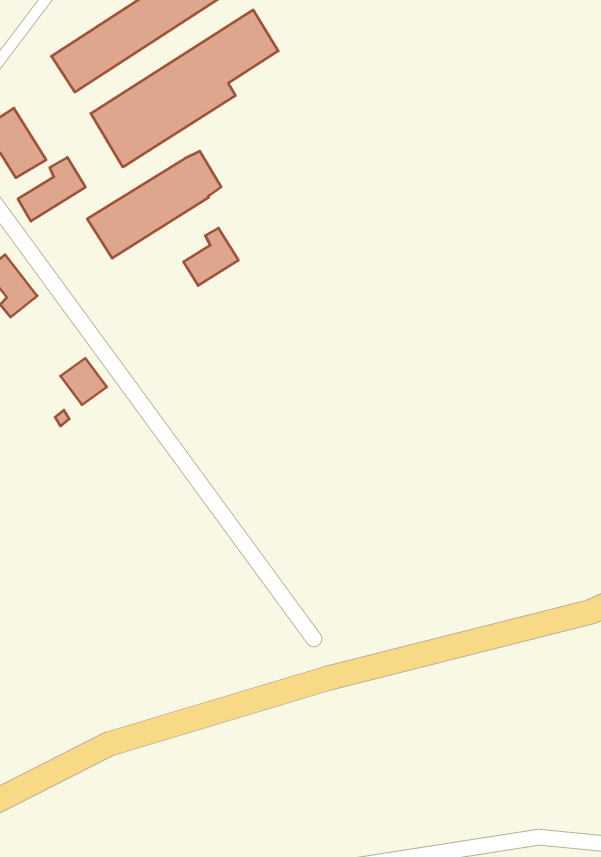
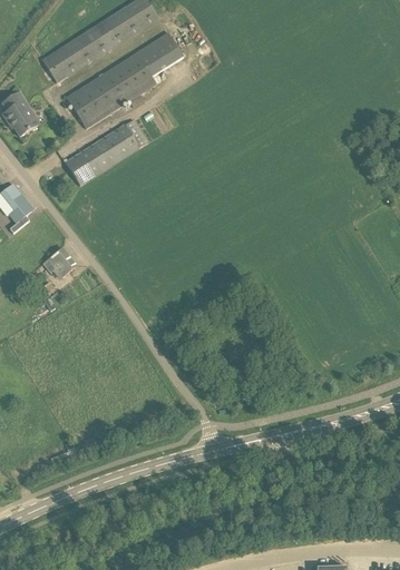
building: [18,157,85,221] -> none
building: [184,228,238,286] -> none

